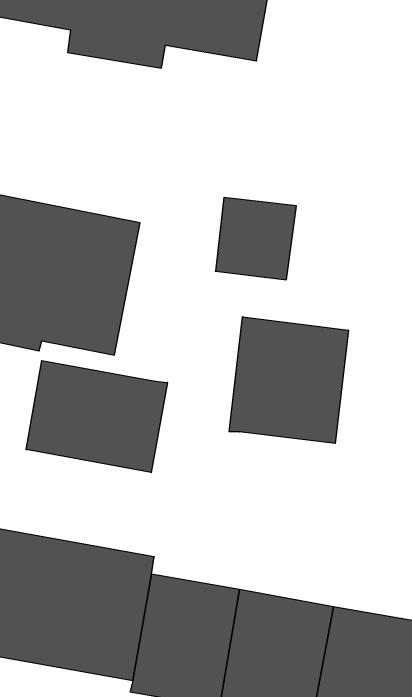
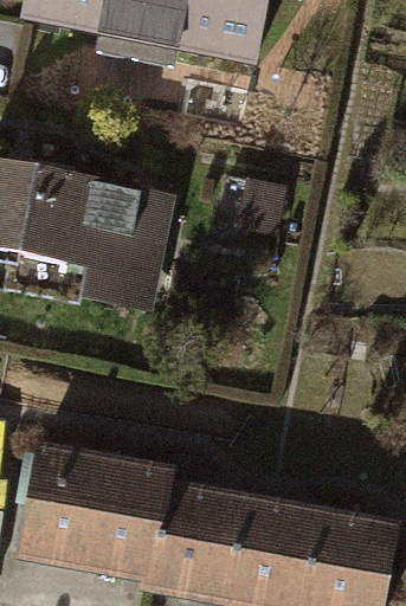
building: [229,317,348,443] -> none
building: [26,361,167,473] -> none

